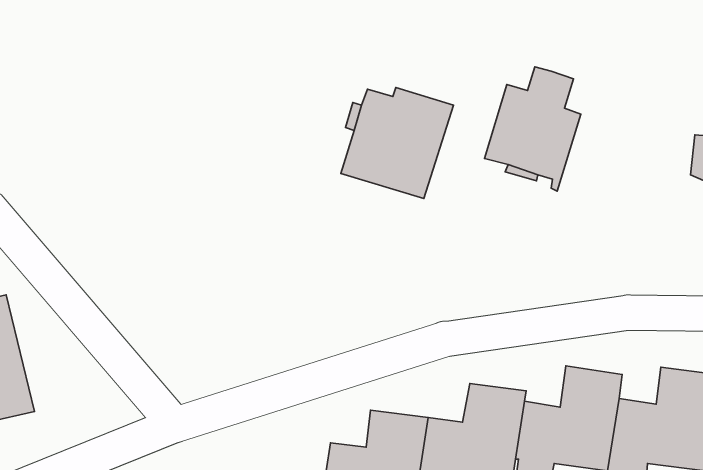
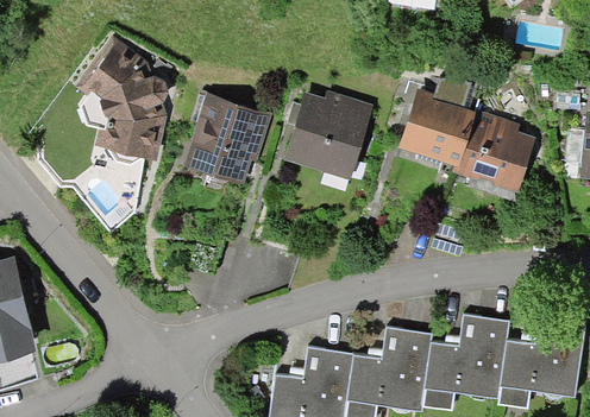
building: none -> [75,36,168,160]
building: none -> [182,93,271,184]
building: none -> [457,109,535,194]

